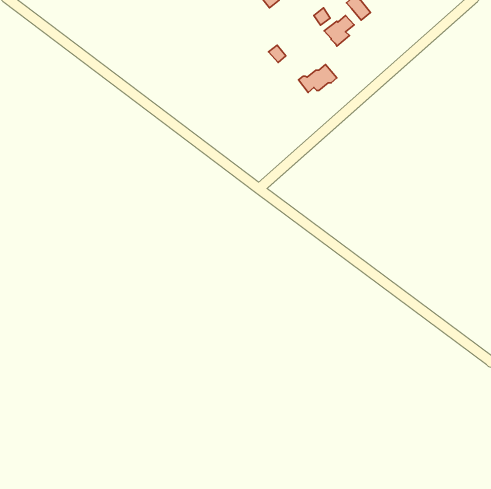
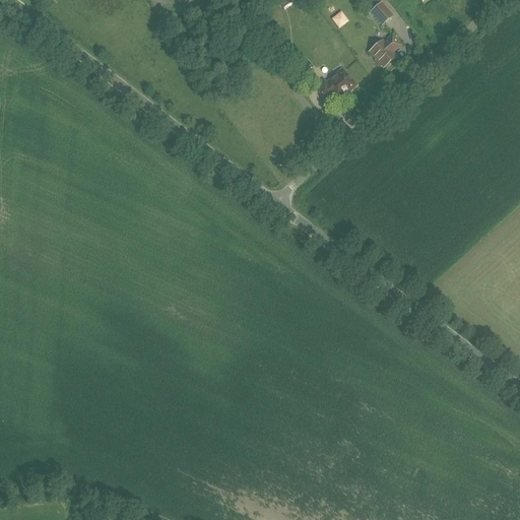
building: [324,15,354,46] -> [369,32,400,65]

